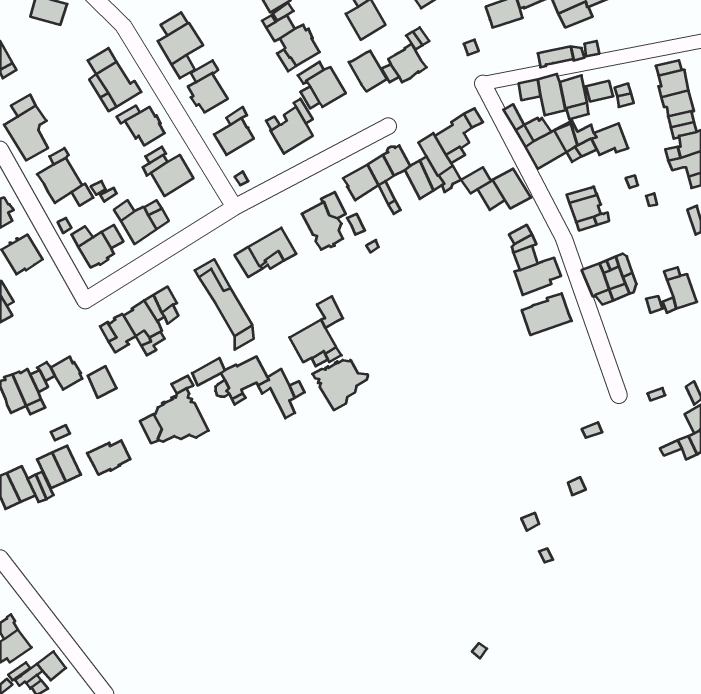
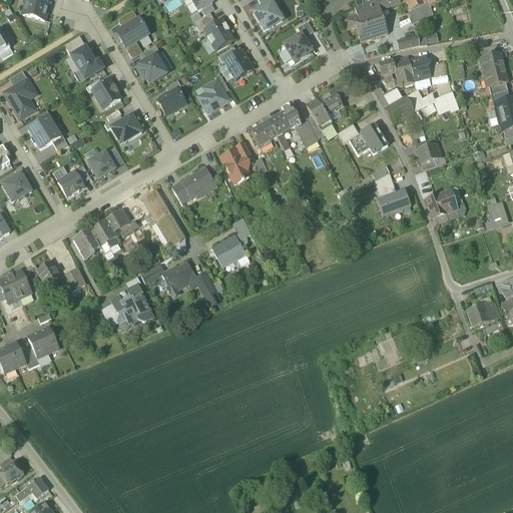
building: none -> [346,13,387,39]
building: [349,51,387,91] -> none
building: [522,293,572,335] -> none
building: [312,360,368,410] -> none
building: none -> [467,301,497,326]
building: [87,440,130,475] -> none

